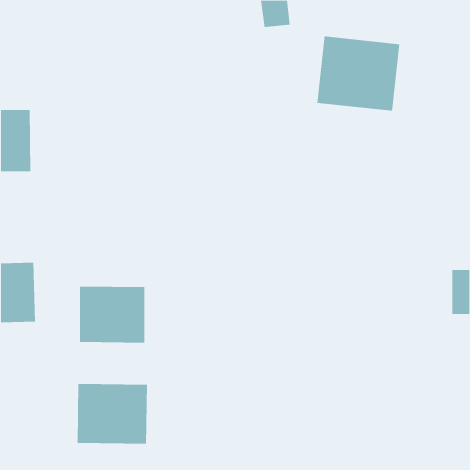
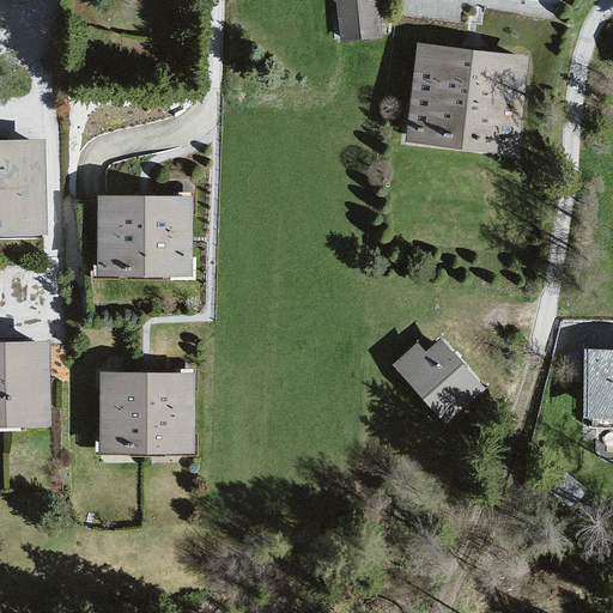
building: none -> [103,196,187,267]
building: none -> [396,341,480,415]
building: [77,383,147,444] -> none

